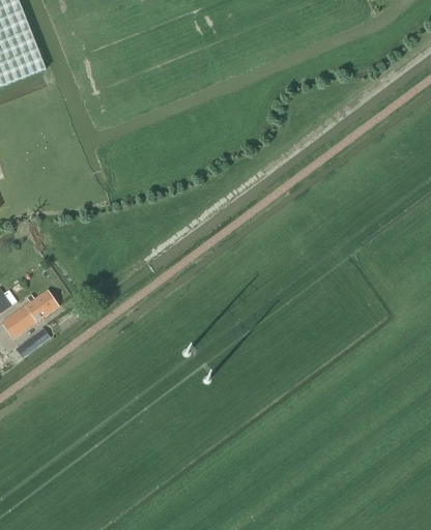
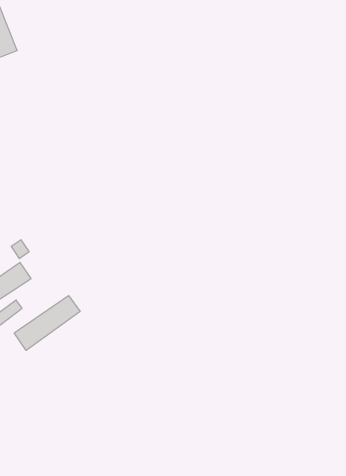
building: none -> [14,296,80,350]

